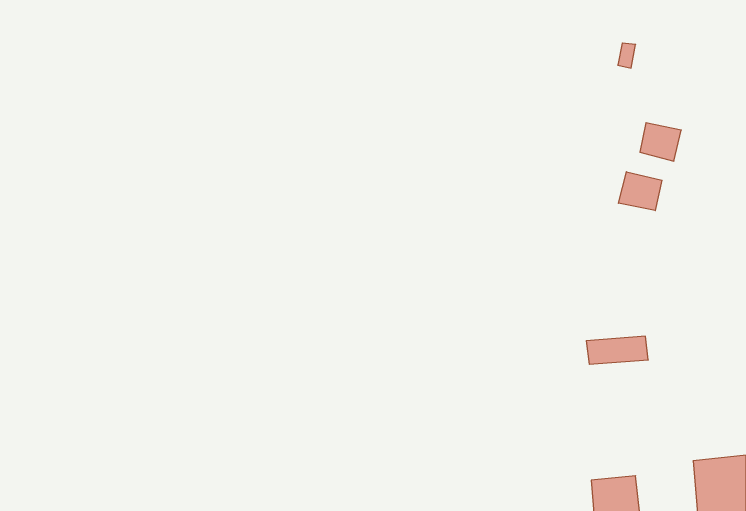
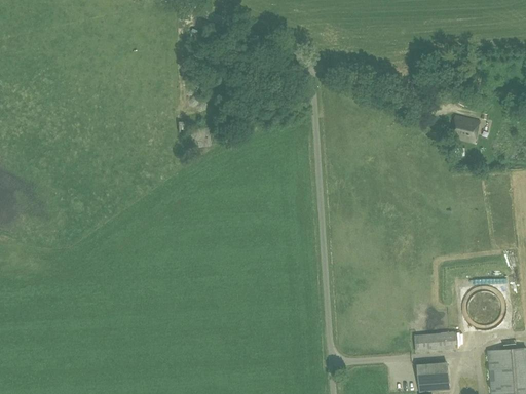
building: [618,172,662,211] -> none
building: [586,336,648,364] -> [415,330,458,350]

